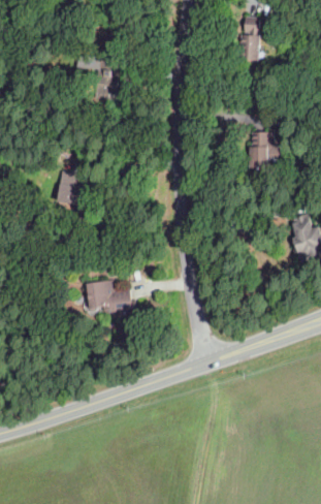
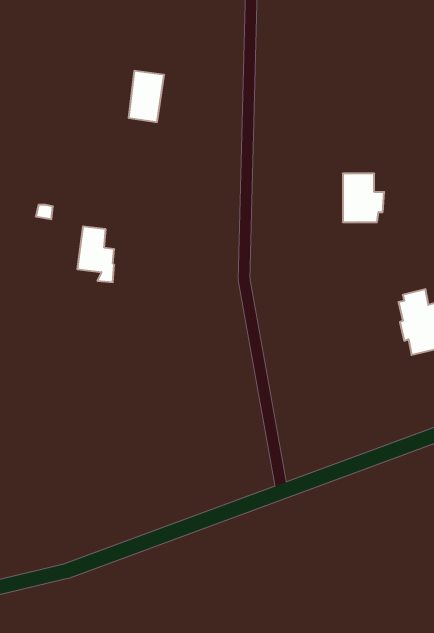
building: [238,15,262,60] -> none
building: [85,280,135,318] -> none

